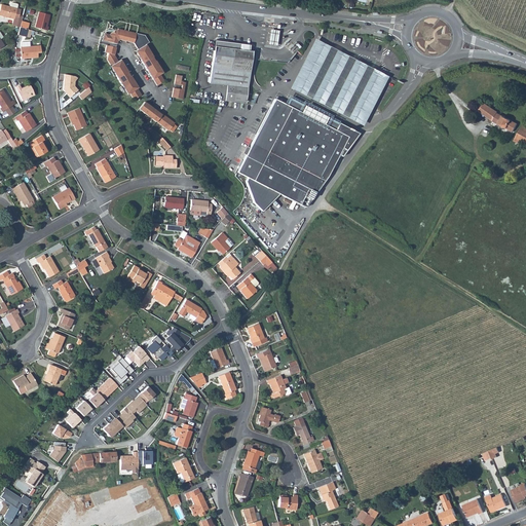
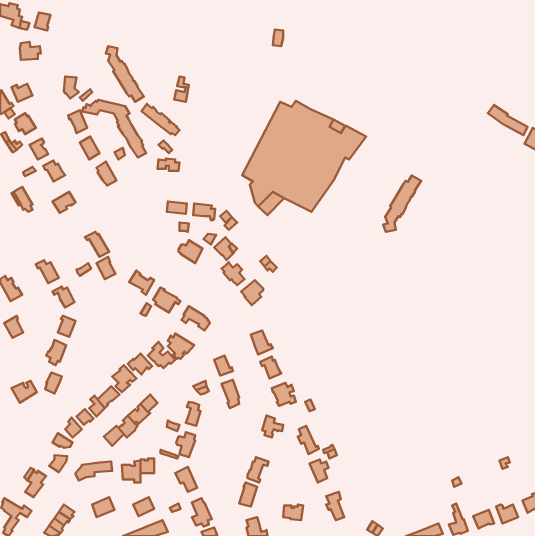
building: [103,29,165,85] -> [82,100,146,158]
building: [210,39,253,103] -> none
building: [292,39,387,123] -> none
building: none -> [383,176,421,232]

